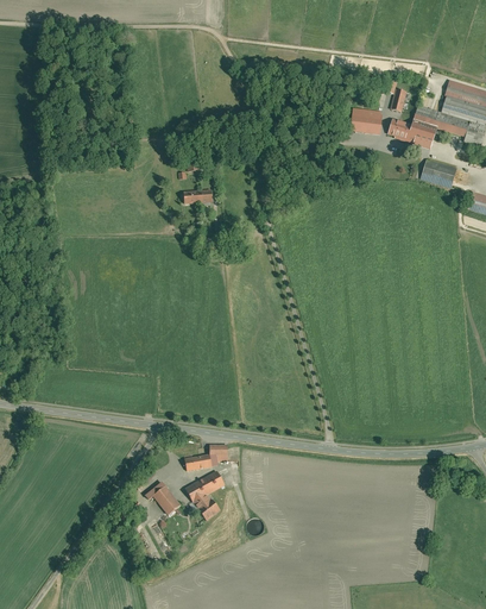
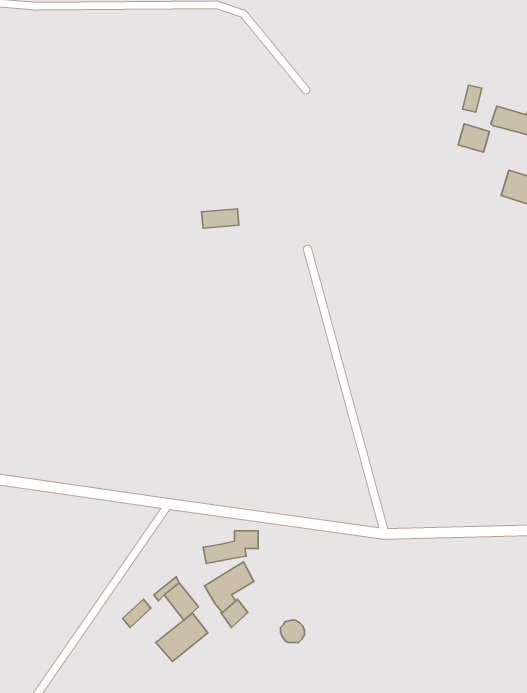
building: [351,111,383,136] -> none
building: [408,121,437,150] -> none
building: none -> [156,613,208,661]

